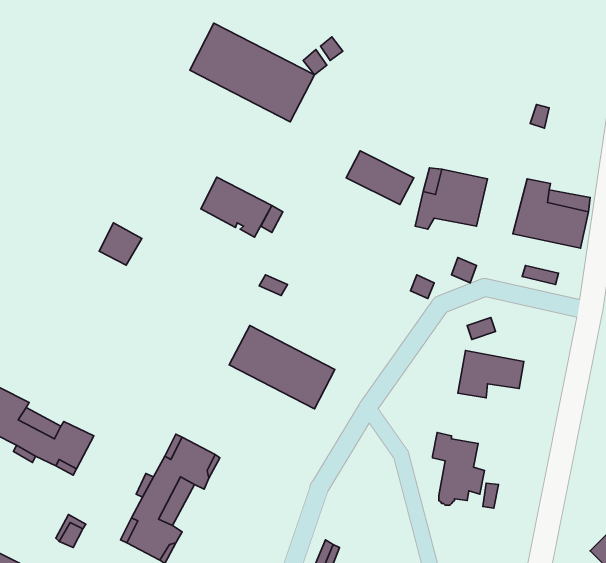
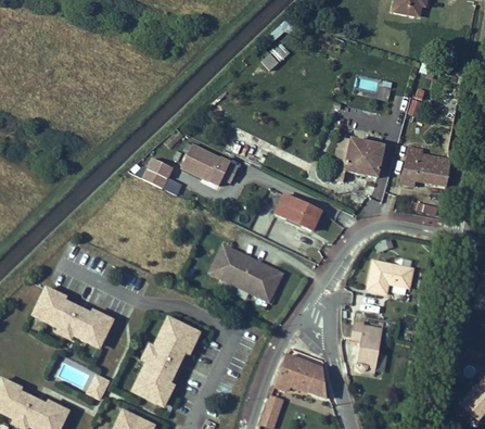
building: [190,23,314,122] -> none
building: [346,151,414,204] -> [280,195,327,232]
building: [99,223,142,265] -> [148,156,177,186]
building: none -> [278,353,326,395]

